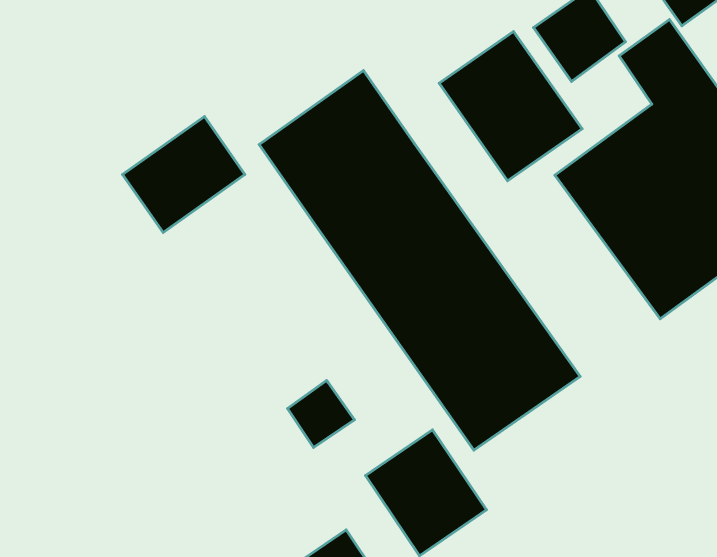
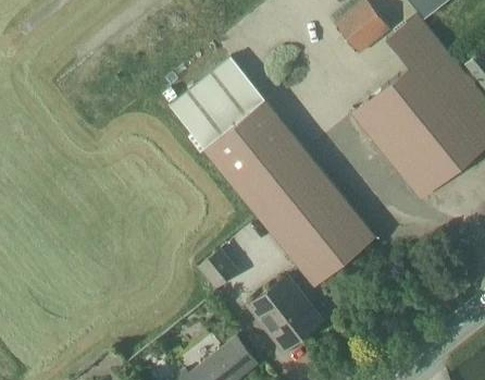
building: [439,31,582,181] -> none
building: [123,116,245,233] -> none

